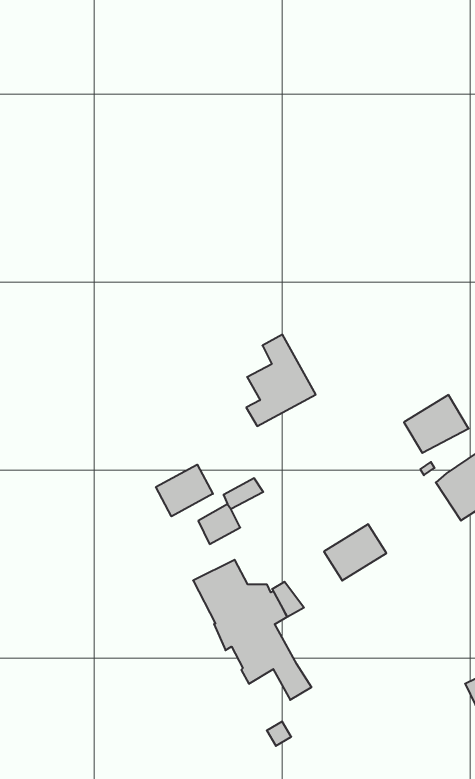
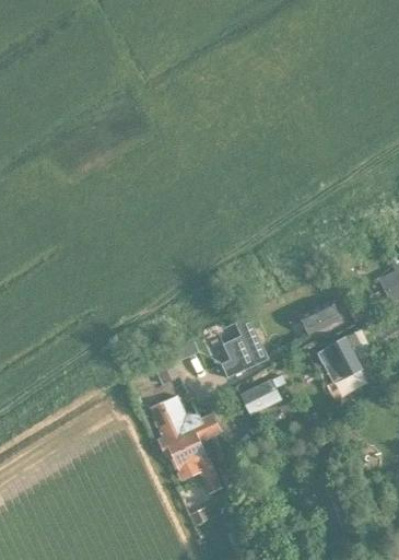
building: [246,334,316,426] -> [221,316,269,377]
building: [156,465,213,516] -> none

